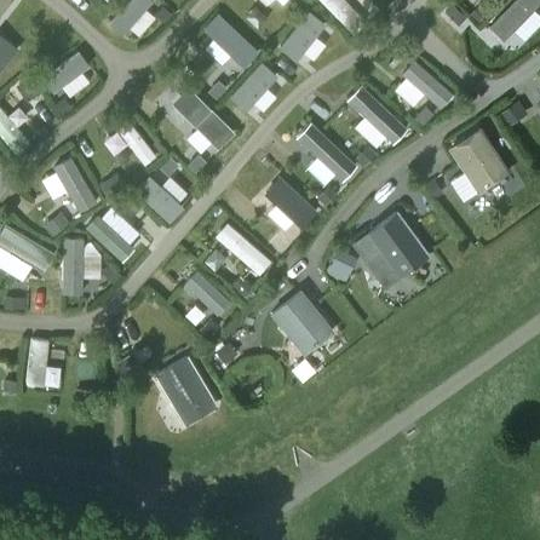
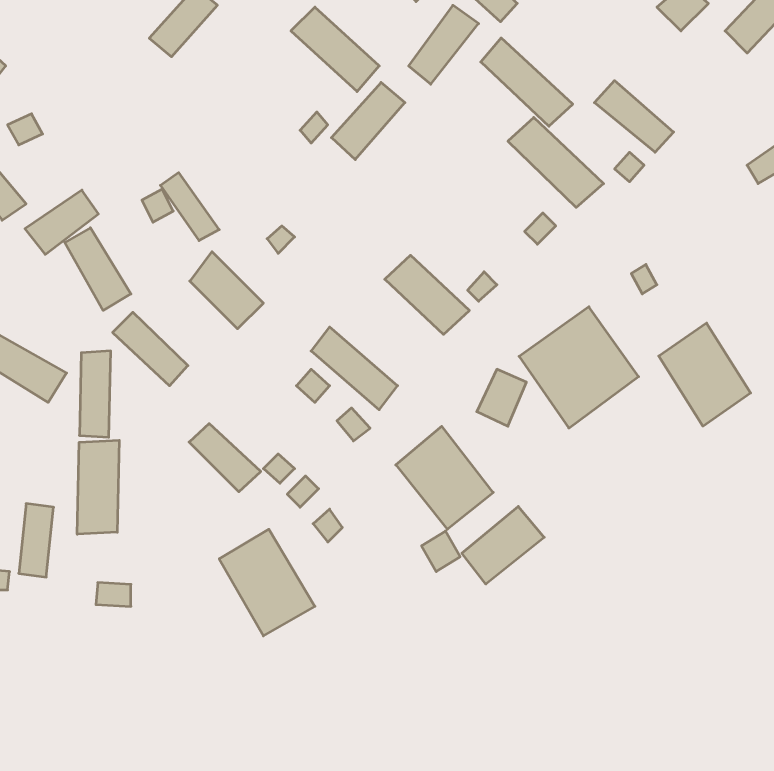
building: [39,52,87,94] -> [25,190,98,254]
building: [172,85,235,150] -> none
building: [298,122,358,180] -> [481,38,573,126]
building: [450,126,511,194] -> [659,323,751,426]
building: [182,271,229,316] -> [189,424,261,492]
building: none -> [77,440,119,534]
building: none -> [462,506,544,584]

